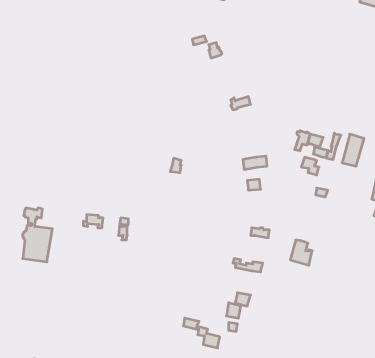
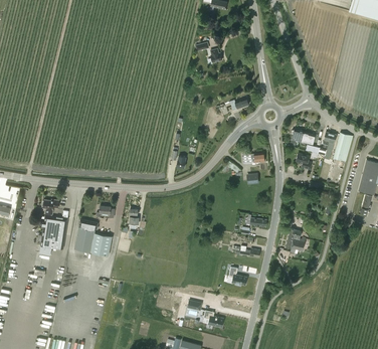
building: none -> [74,219,113,255]

